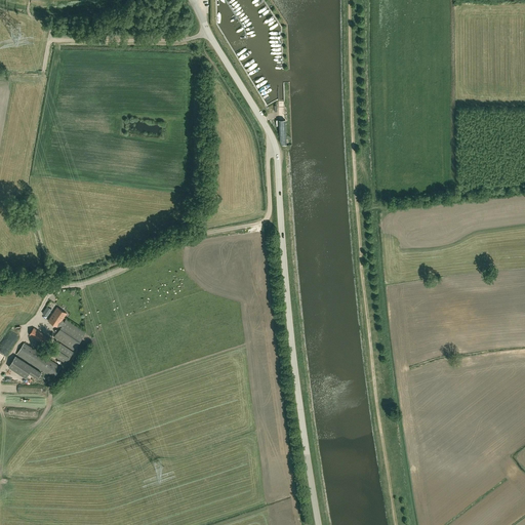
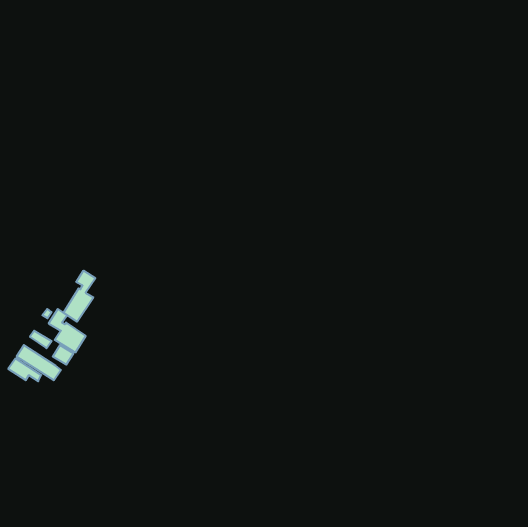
building: none -> [64,271,95,322]

